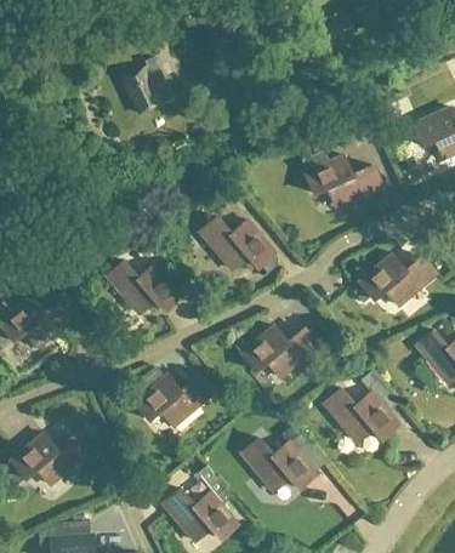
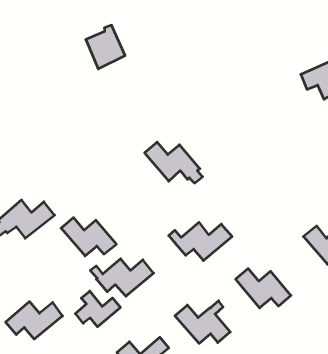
building: [302,149,382,206] -> none
building: [354,253,438,306] -> none
building: [107,261,182,313] -> [61,218,116,256]
building: none -> [75,291,120,327]

